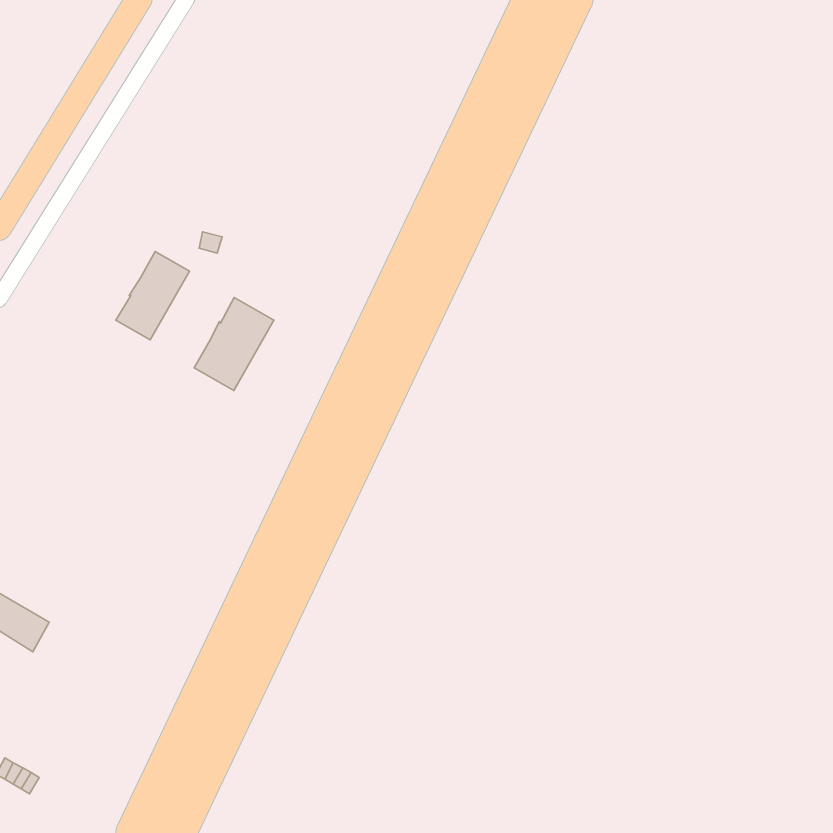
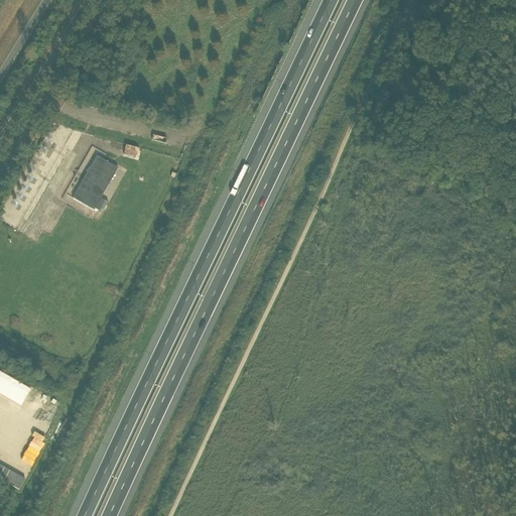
building: [194,297,274,390] -> none

